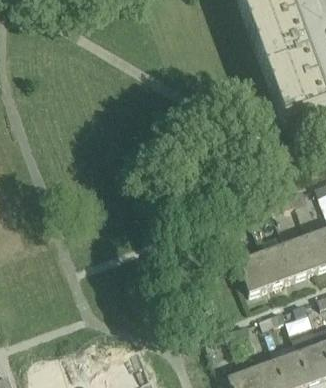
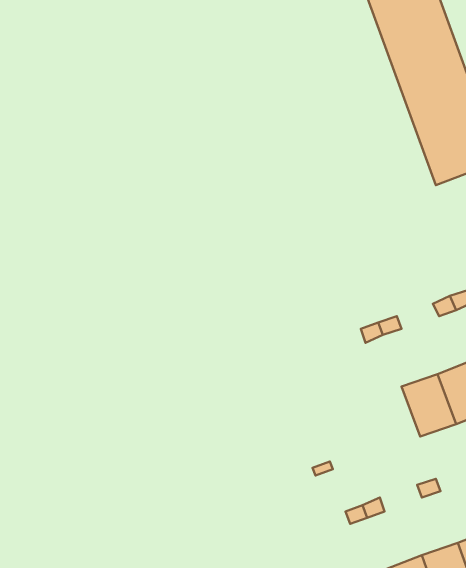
building: [240,249,276,290] -> none

